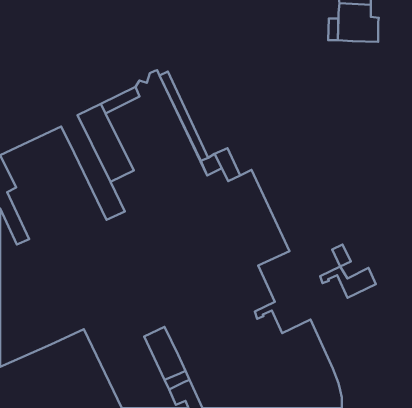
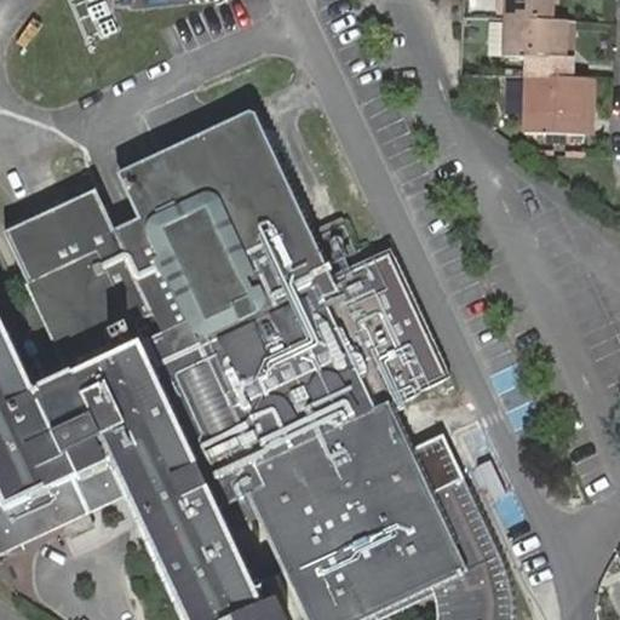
building: none -> [528,62,596,139]
building: none -> [111,217,188,331]
building: [320,266,376,298] -> [383,454,466,501]

